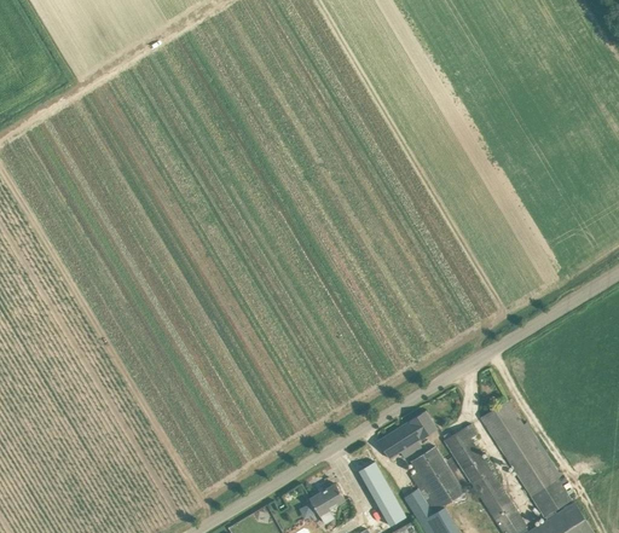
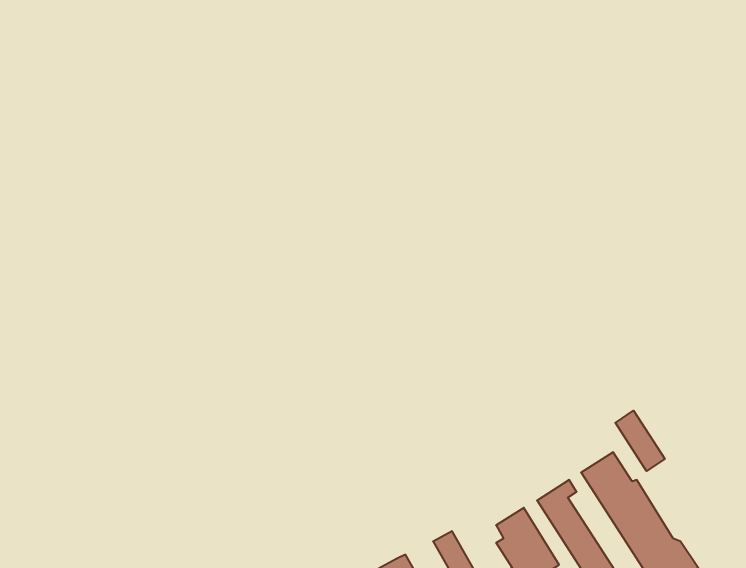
building: none -> [615,411,665,471]
building: [378,411,438,459] -> none

